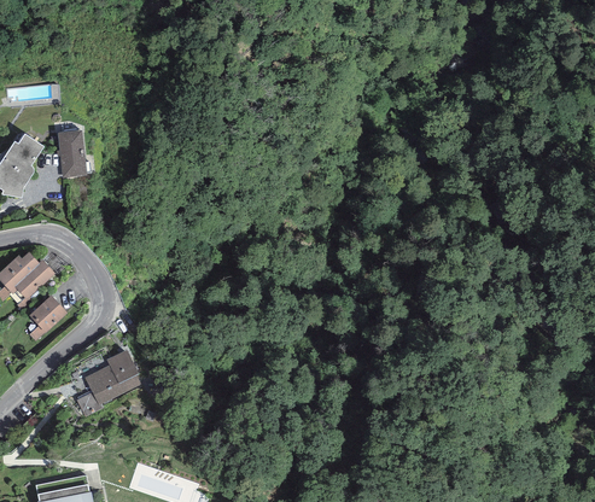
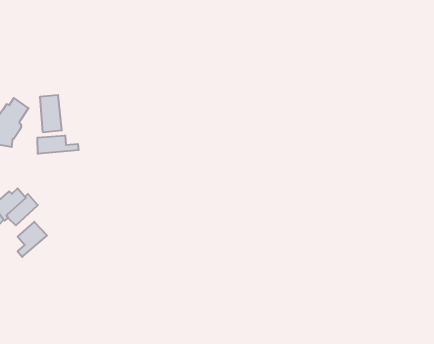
building: none -> [37,135,79,154]
building: [76,349,141,415] -> none

